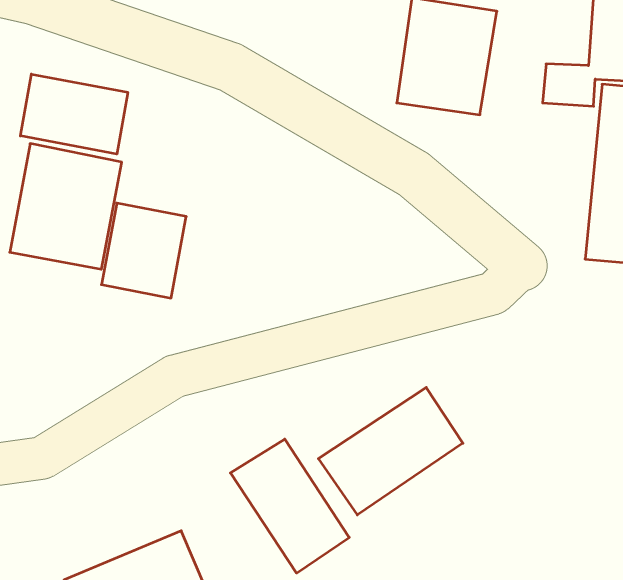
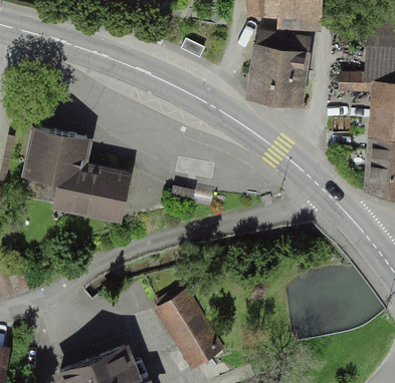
building: [20,74,128,154] -> none
building: [318,387,463,515] -> none

